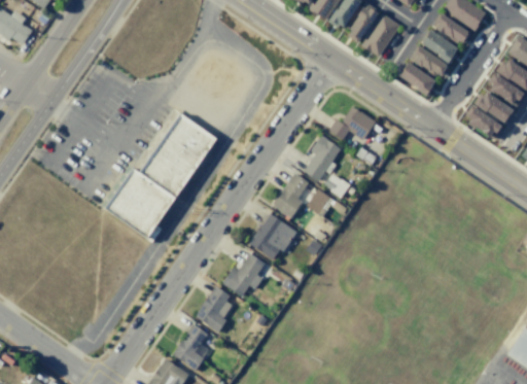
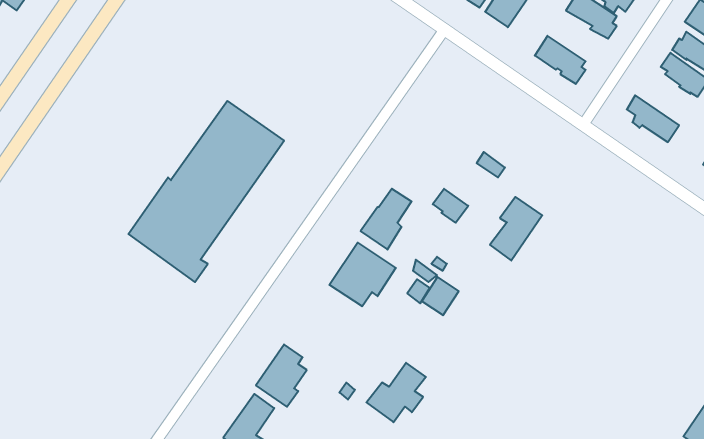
building: [411,45,450,77] -> none
building: [476,91,515,123] -> none
building: [329,106,377,140] -> none
building: [305,135,343,181] -> [490,197,542,261]
building: [308,188,335,216] -> [422,277,459,315]
building: [223,253,267,296] -> [366,363,426,422]

